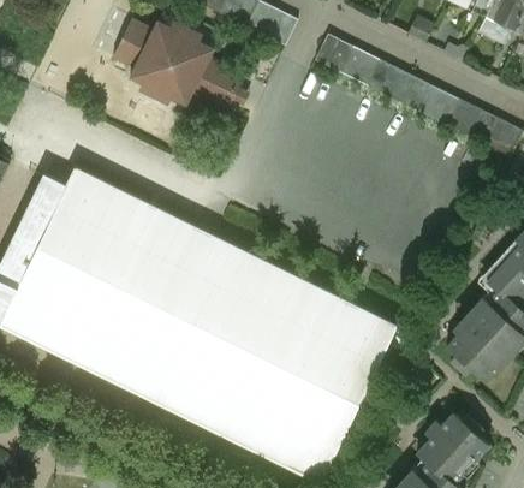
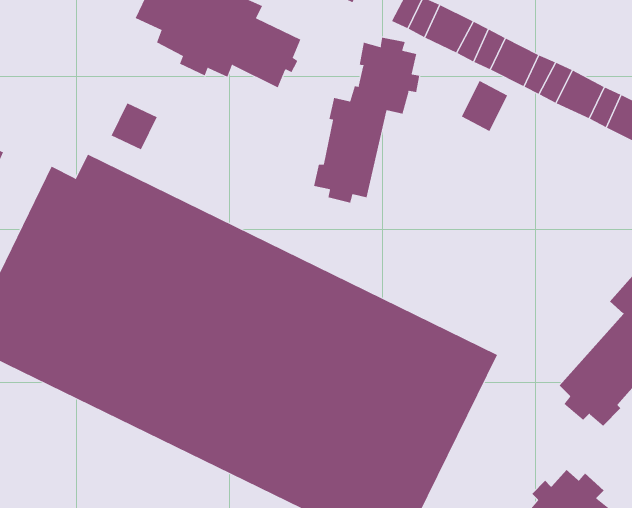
building: none -> [313,37,420,203]
building: none -> [461,80,508,132]
building: none -> [111,103,158,150]

